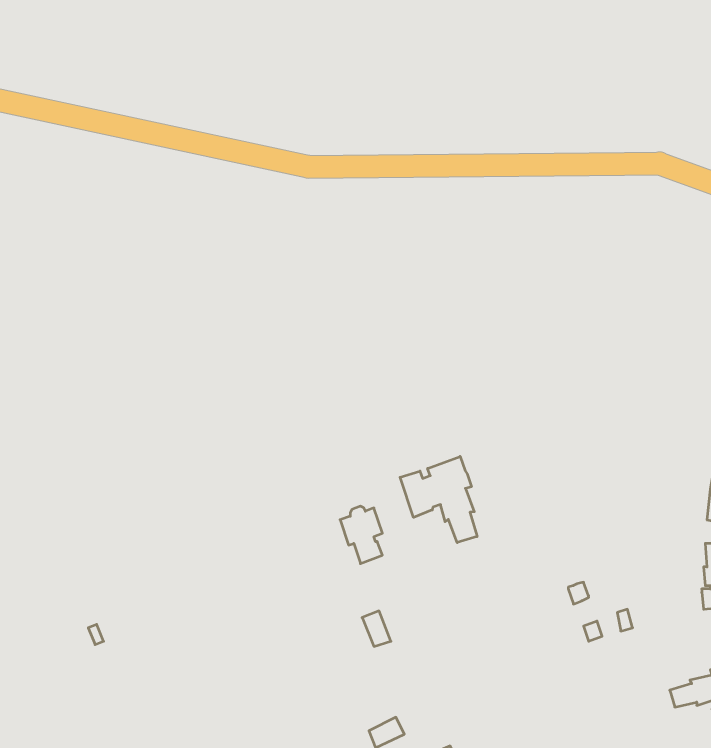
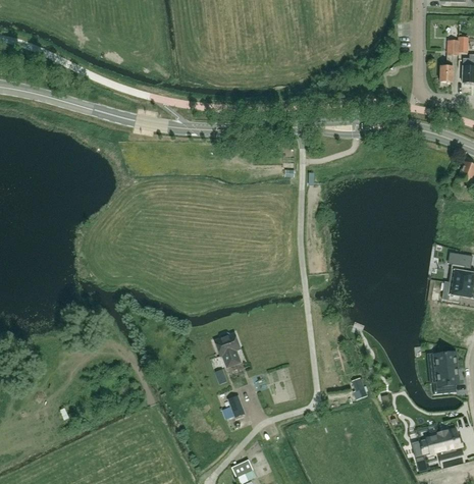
building: [400,456,477,543] -> none

